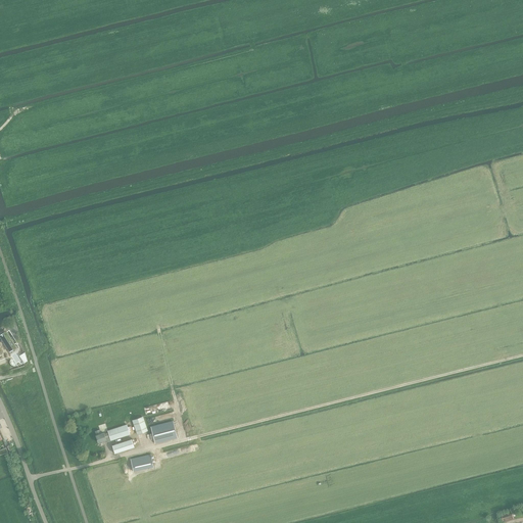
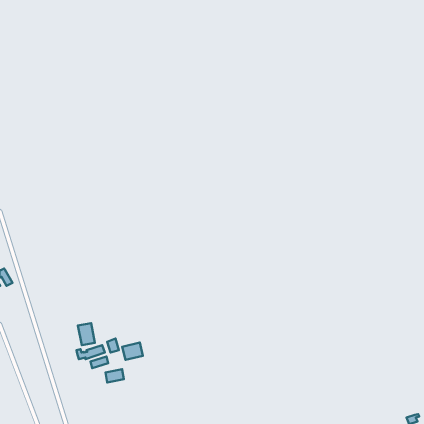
building: none -> [78,323,95,345]

